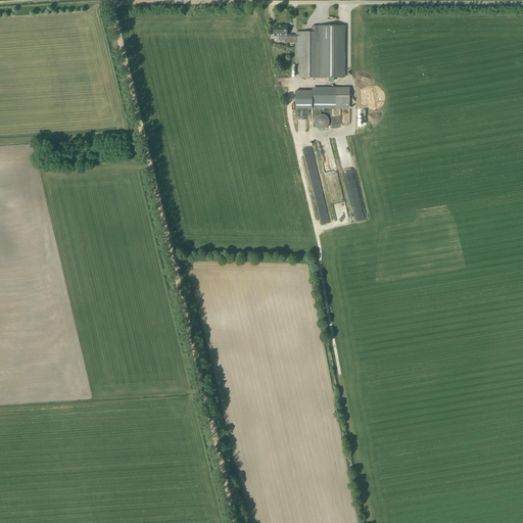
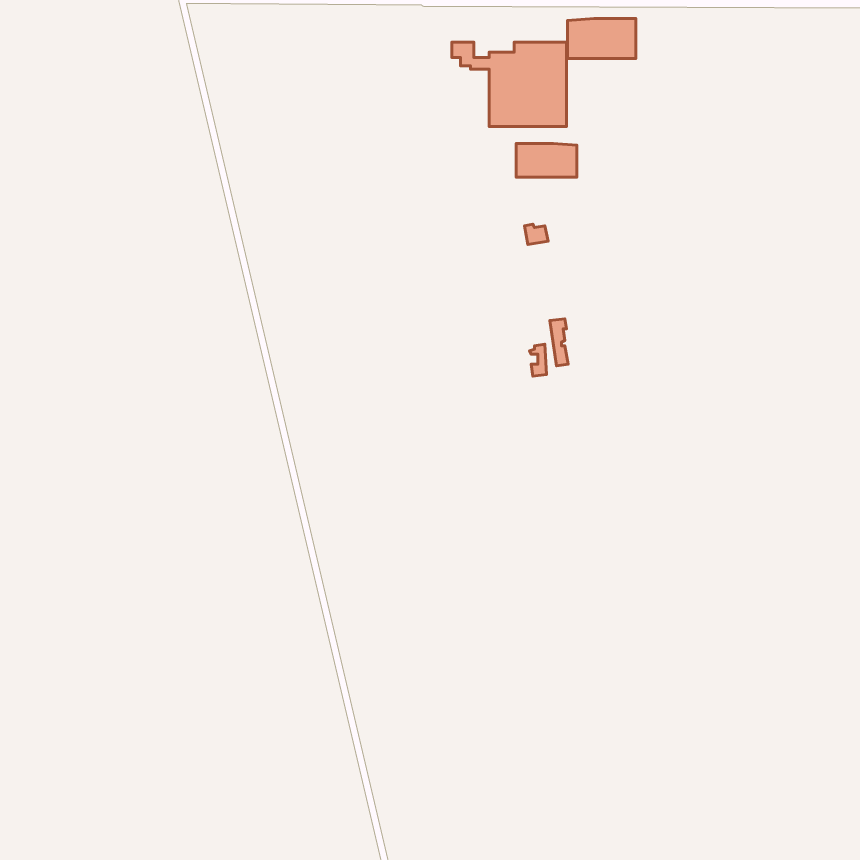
building: none -> [568,19,636,59]

